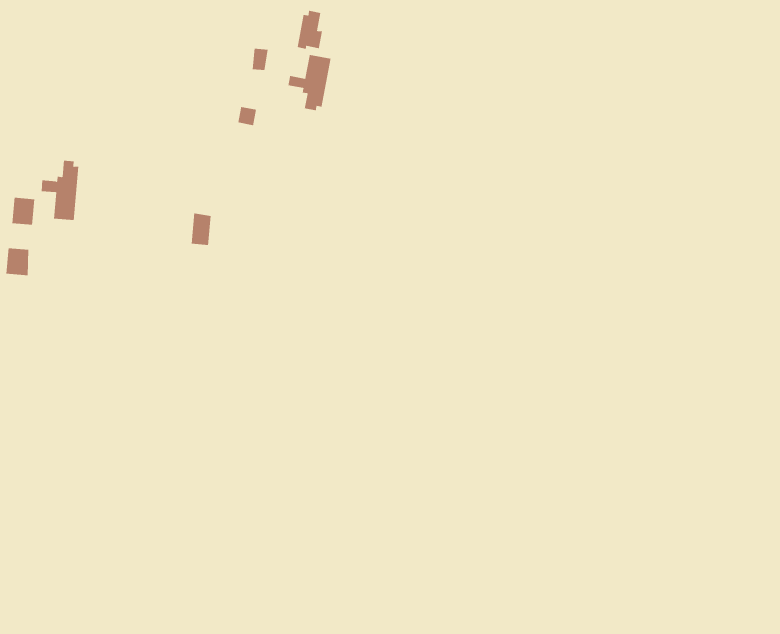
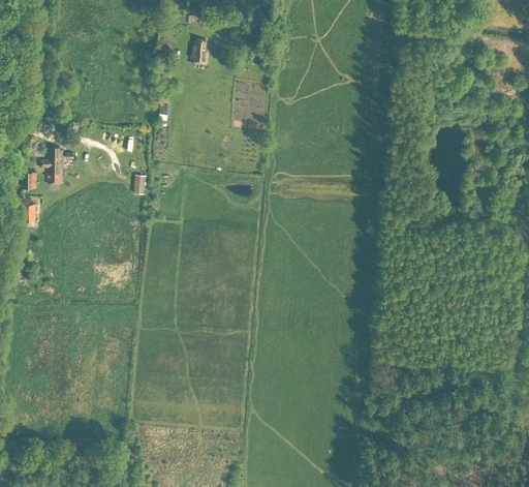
building: [288,54,331,111] -> none

